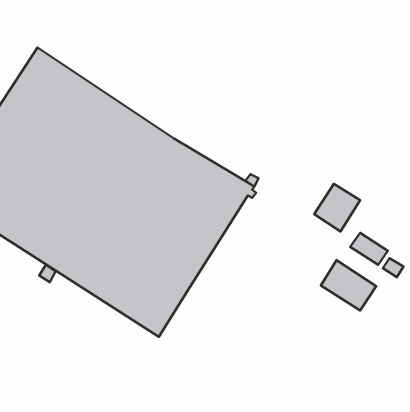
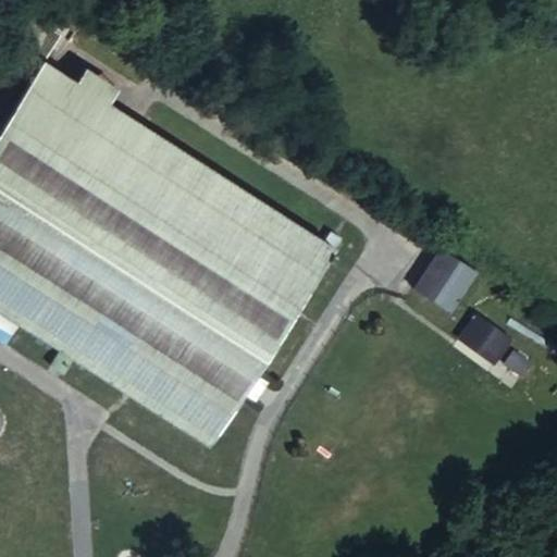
building: [321,260,376,310] -> none

